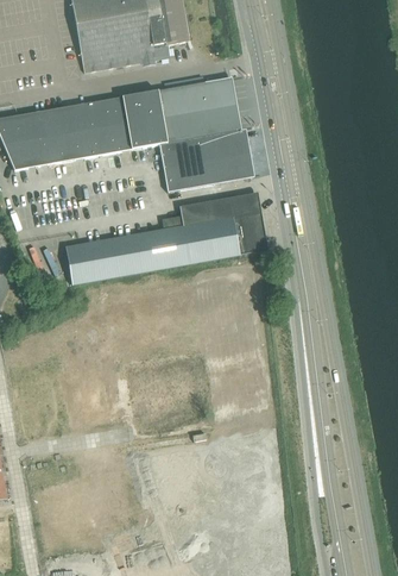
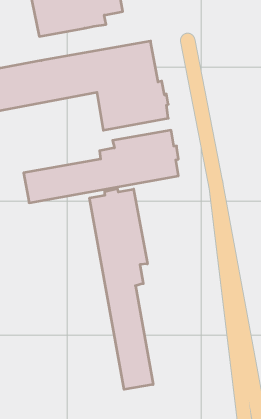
building: none -> [90,188,153,389]

